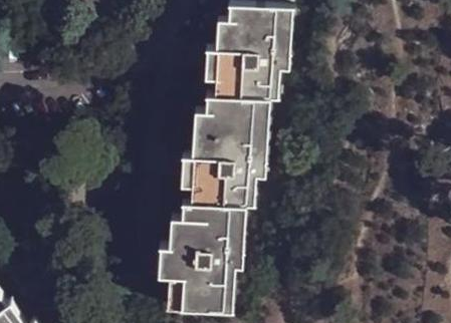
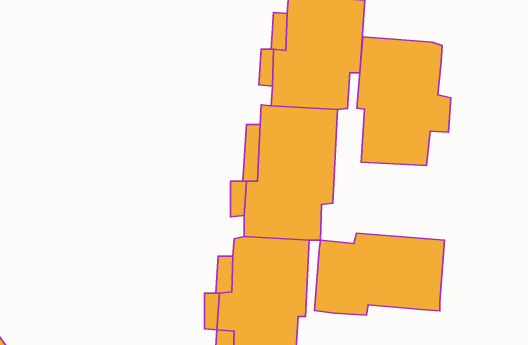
building: none -> [357,37,451,166]
building: none -> [314,233,445,315]

